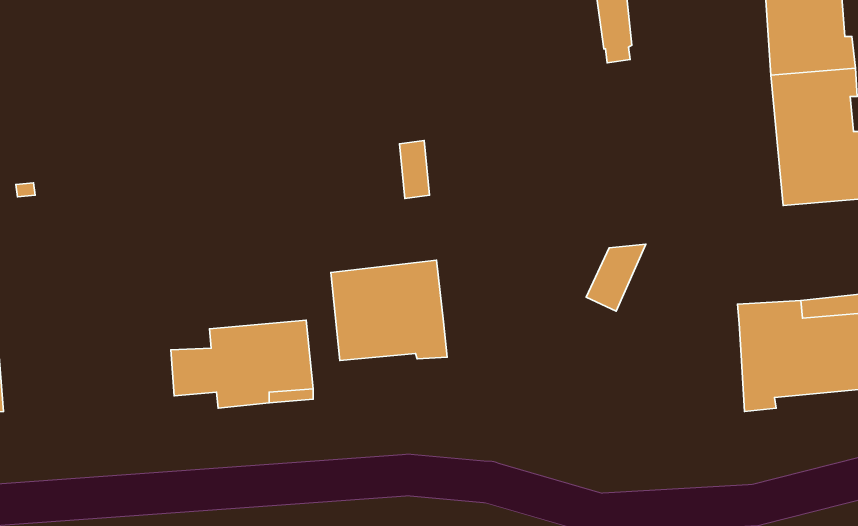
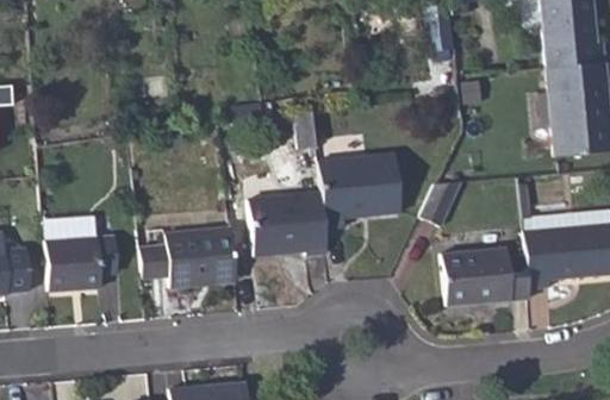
building: none -> [318,154,400,230]
building: none -> [42,217,118,294]
building: none -> [443,244,529,304]

